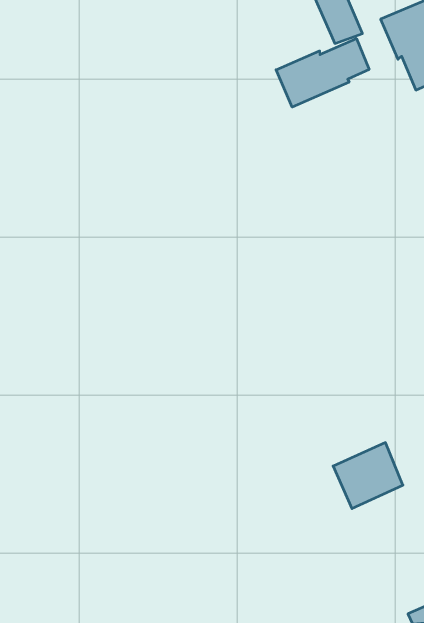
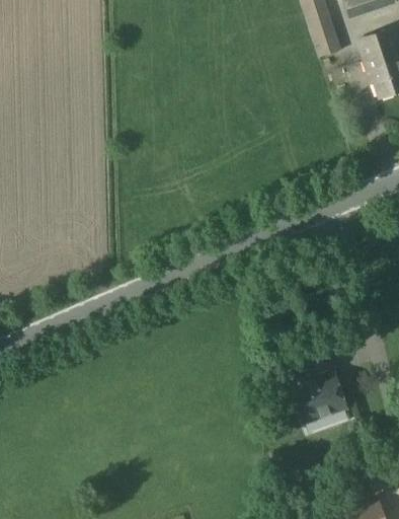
building: [276,39,369,107] -> none

